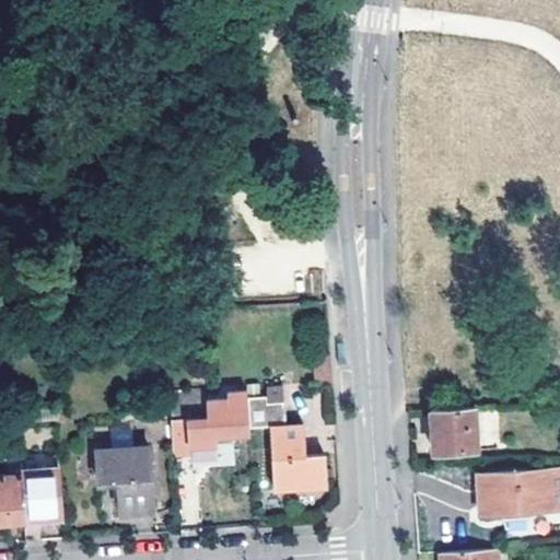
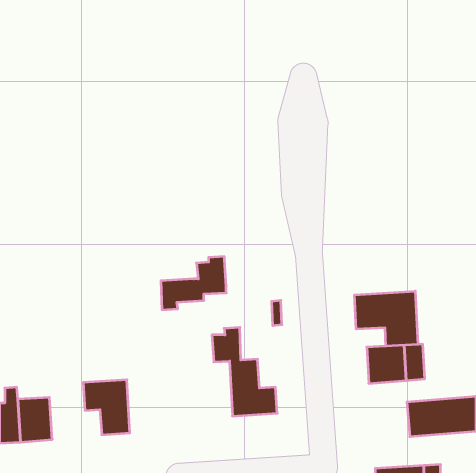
building: none -> [355,291,418,346]
building: [174,394,250,456] -> [161,257,226,310]

